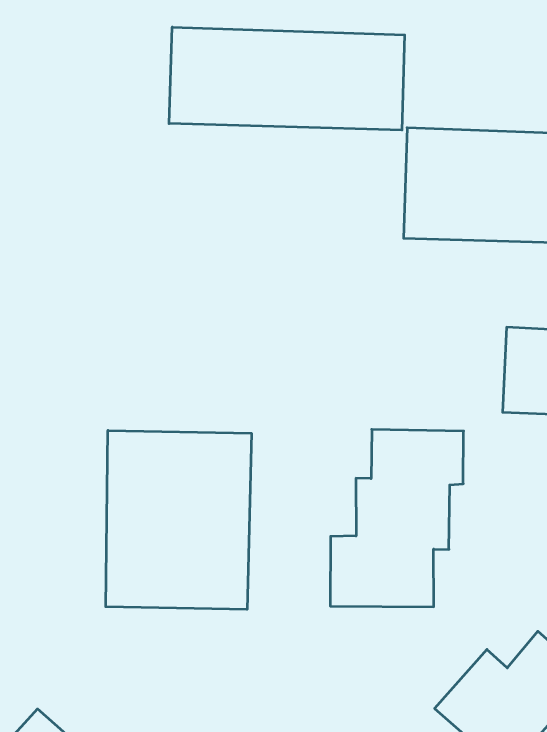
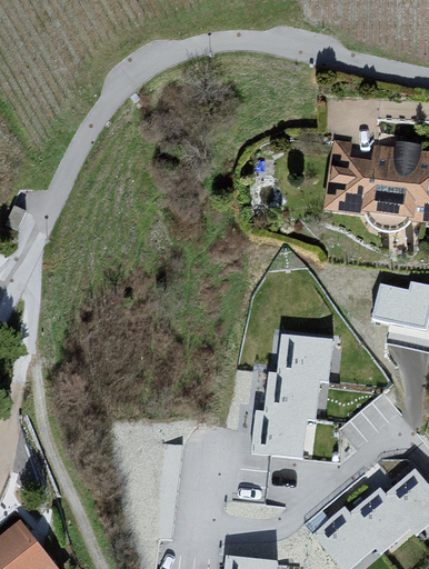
building: [169,27,405,130] -> none
building: [106,430,251,609] -> none

